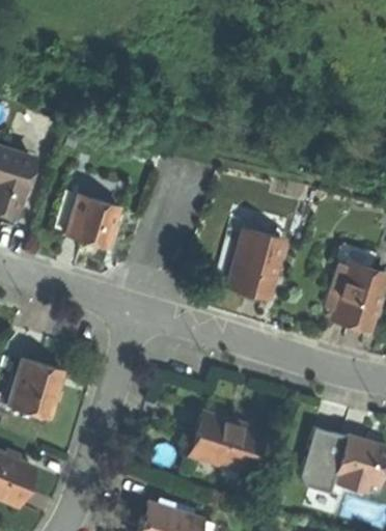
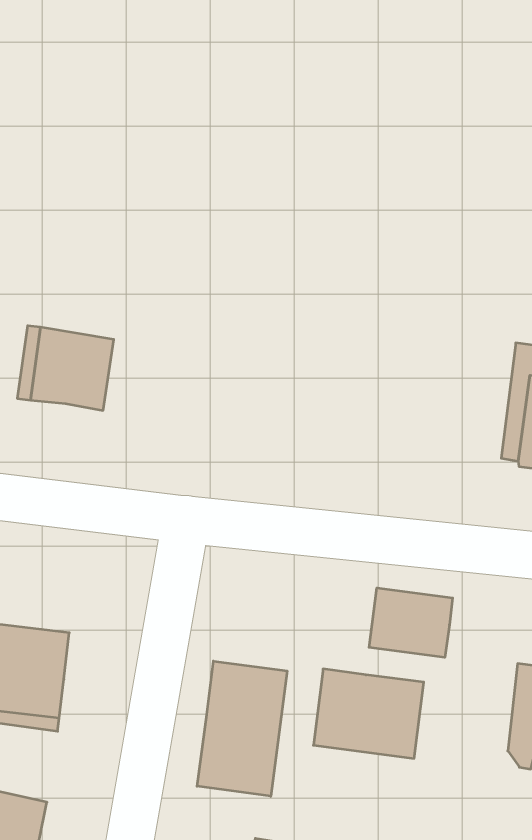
building: [226,229,283,298] -> none
building: none -> [369,588,453,657]
building: none -> [197,661,287,796]

